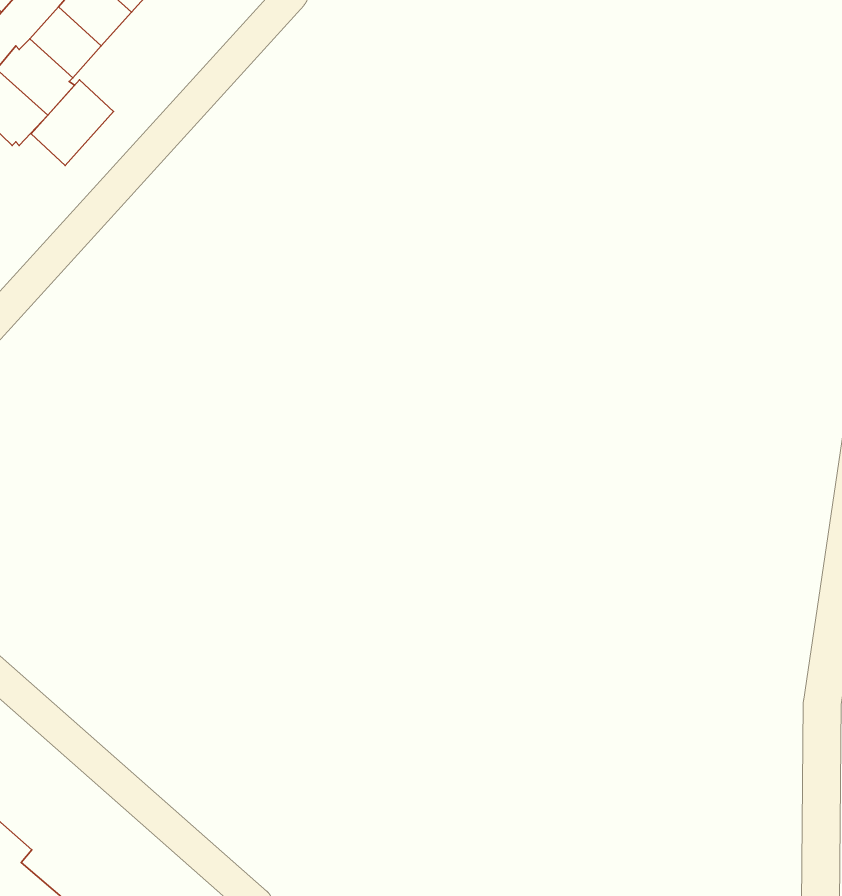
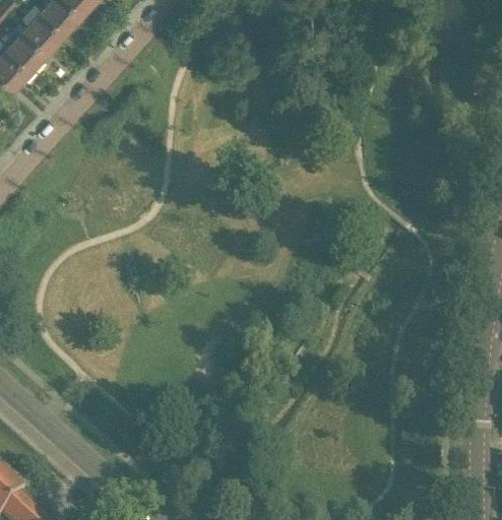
building: [31,80,114,165] -> none

